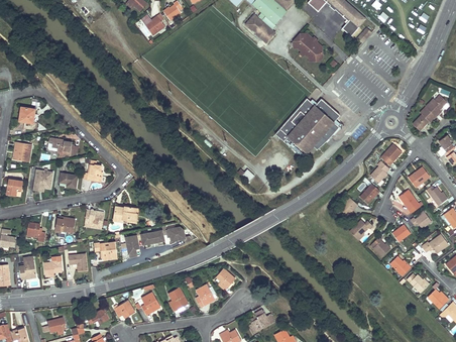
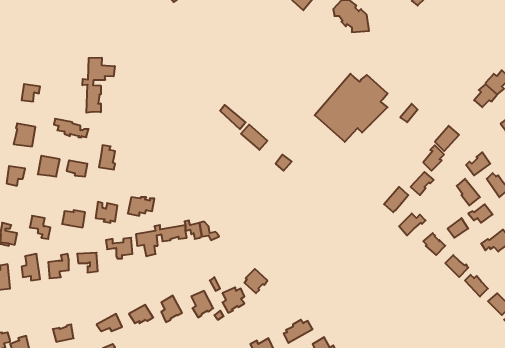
building: none -> [82,58,115,113]

